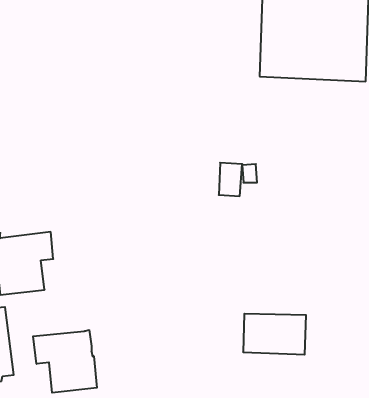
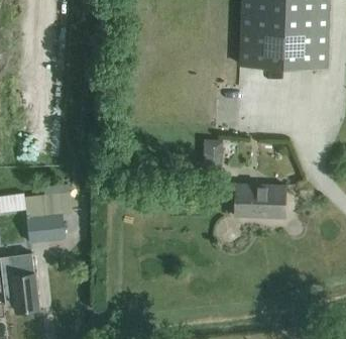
building: [243,314,306,355] -> [236,185,287,218]
building: [33,330,97,393] -> none

